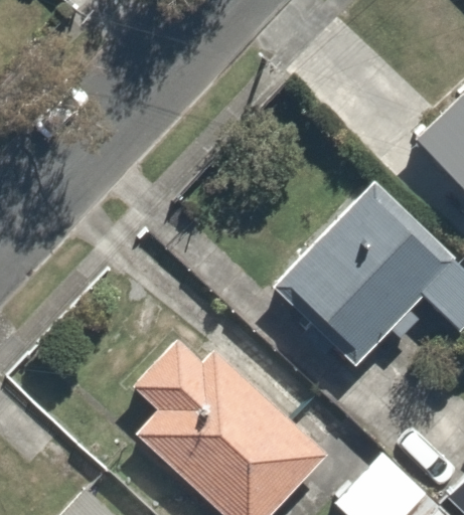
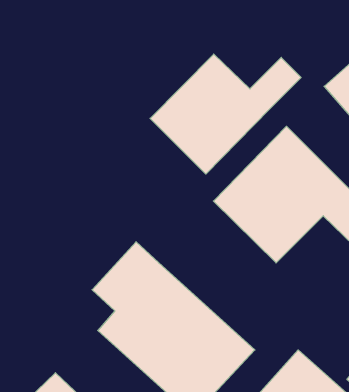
building: none -> [150,54,301,174]

